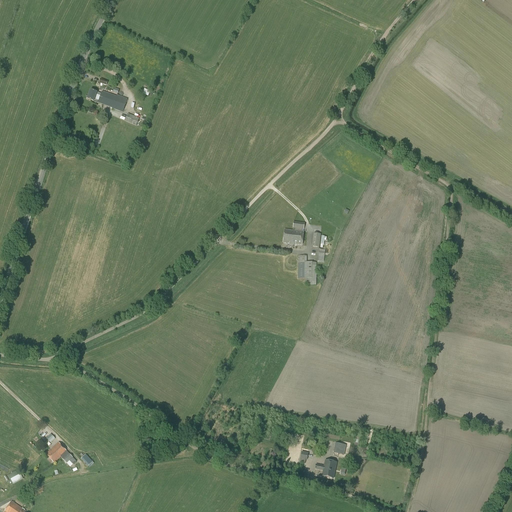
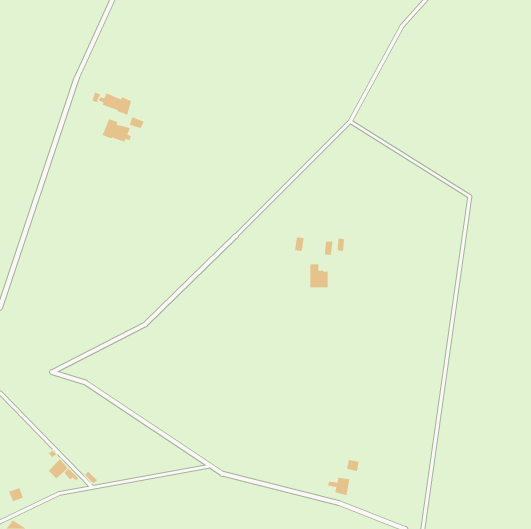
building: none -> [102,118,131,143]

